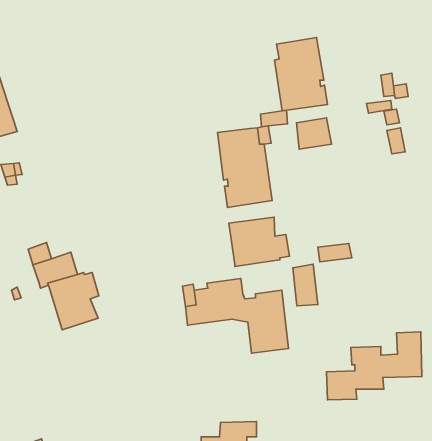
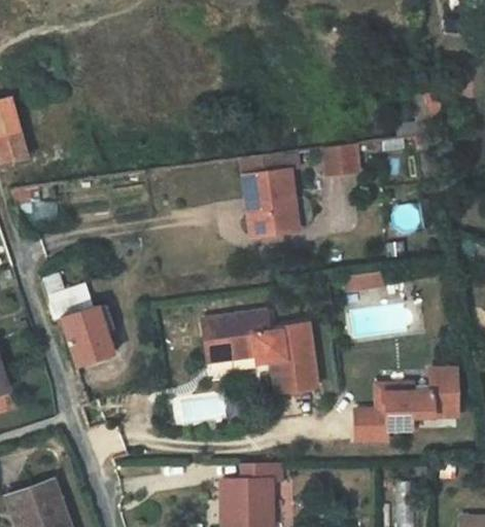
building: [274,37,327,111] -> none
building: [229,217,290,267] -> none
building: [293,264,318,306] -> none

